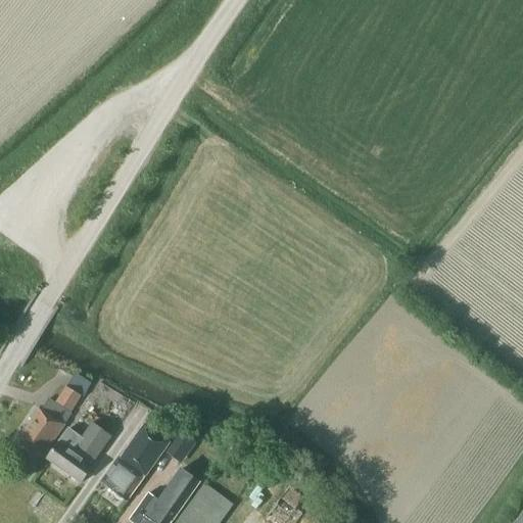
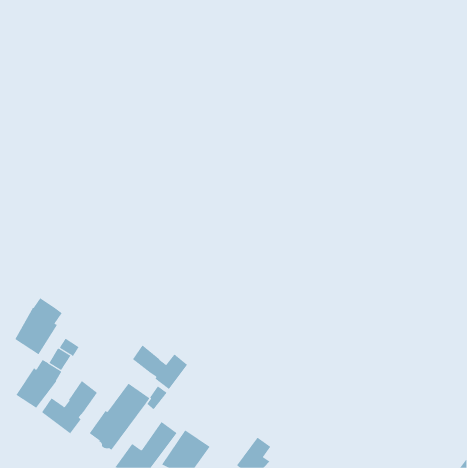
building: none -> [15,298,63,355]
building: none -> [132,345,188,390]

